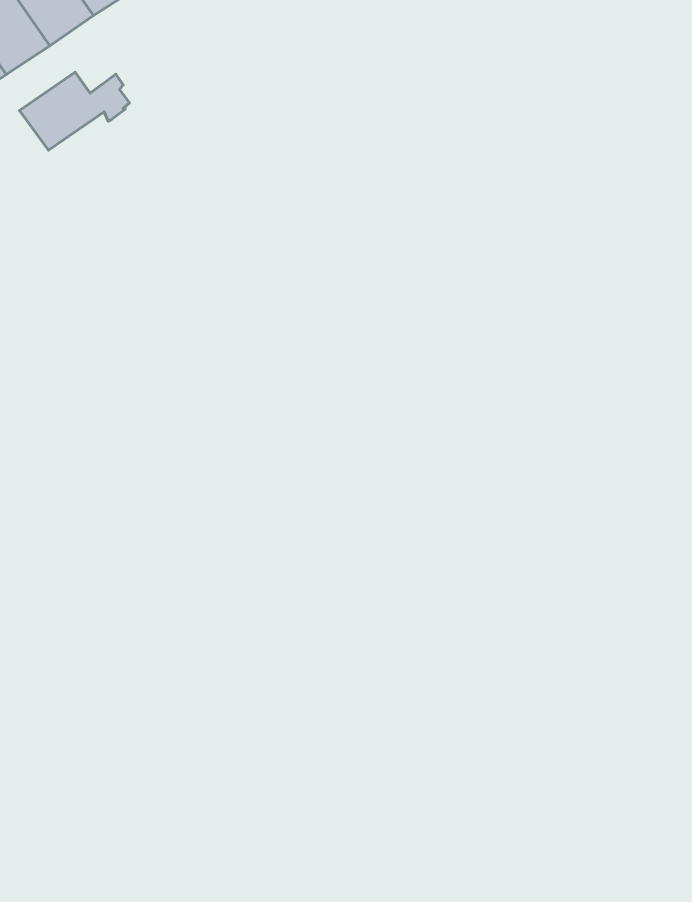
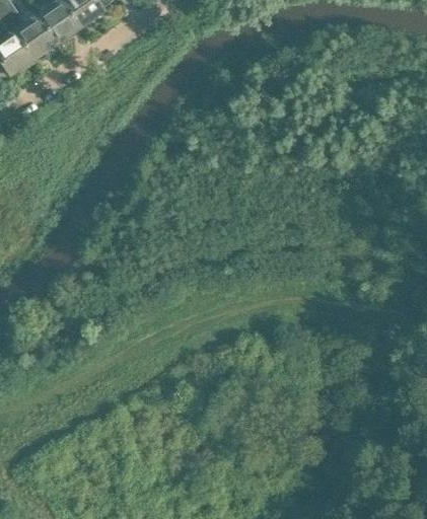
building: [19,72,130,150] -> none

